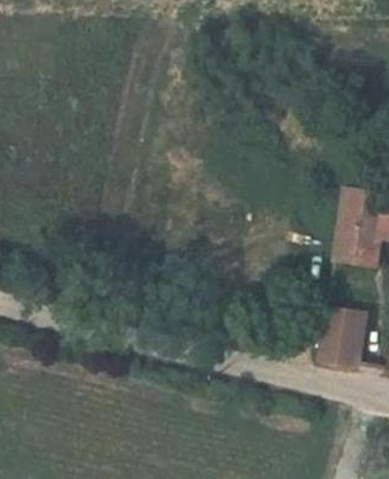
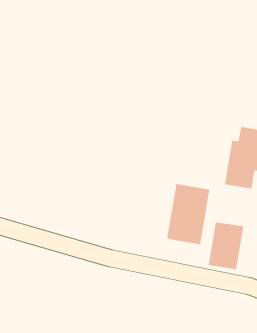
building: none -> [167,183,210,245]

